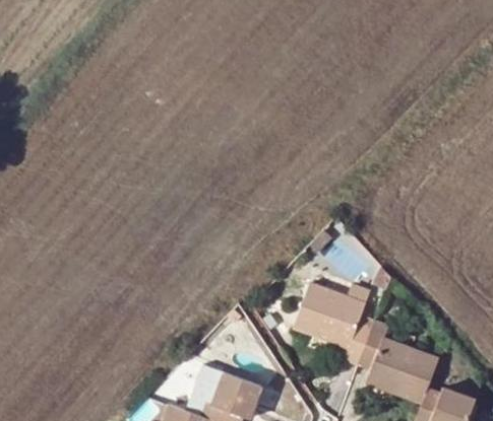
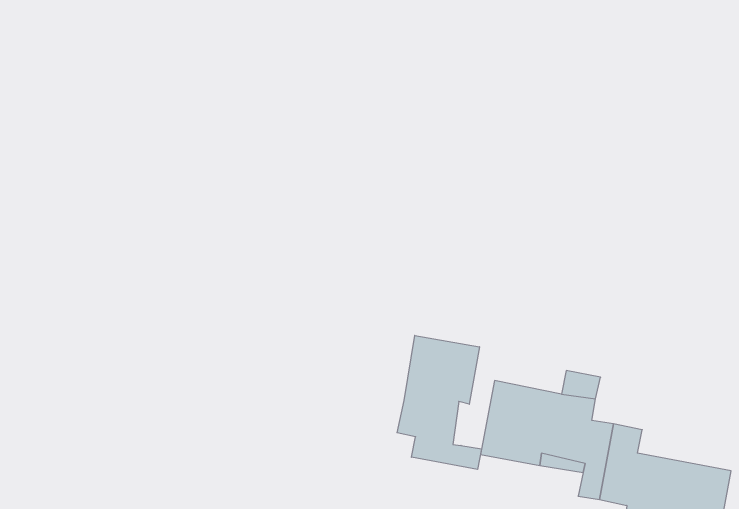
building: none -> [397,335,482,469]

